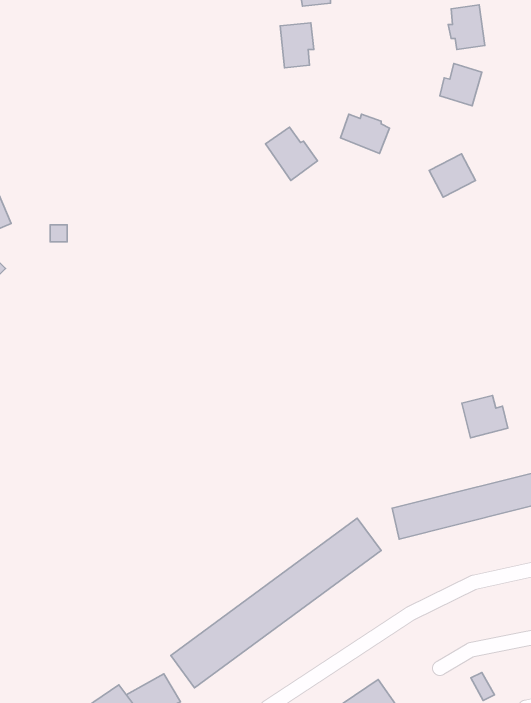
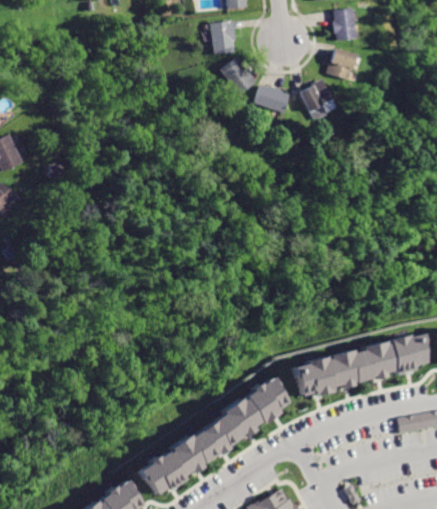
building: [266,127,317,180] -> [222,60,259,98]
building: [429,154,475,197] -> [301,83,334,114]
building: [462,396,508,438] -> none

